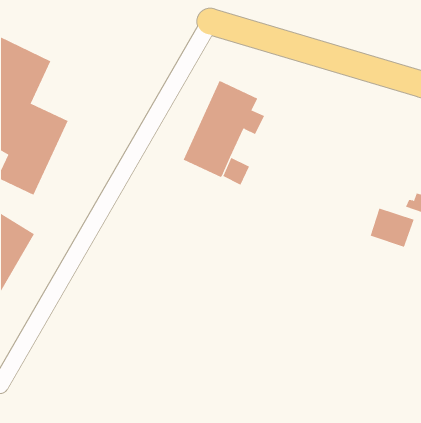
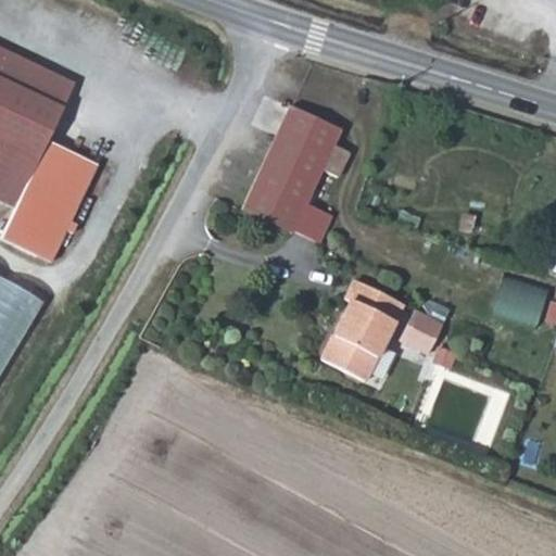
building: none -> [321,280,403,380]
building: none -> [400,312,442,354]

